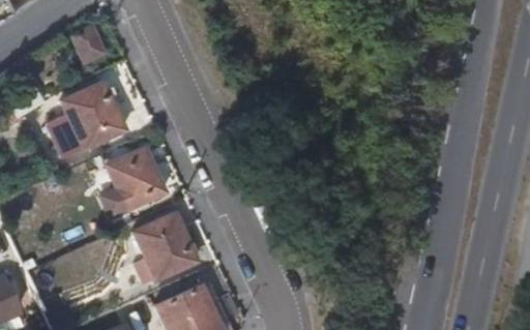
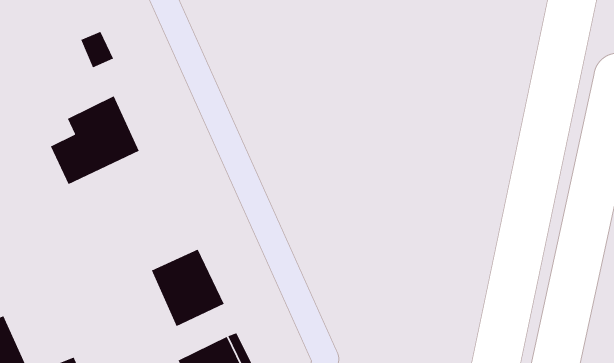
building: [105,147,165,210] -> none

